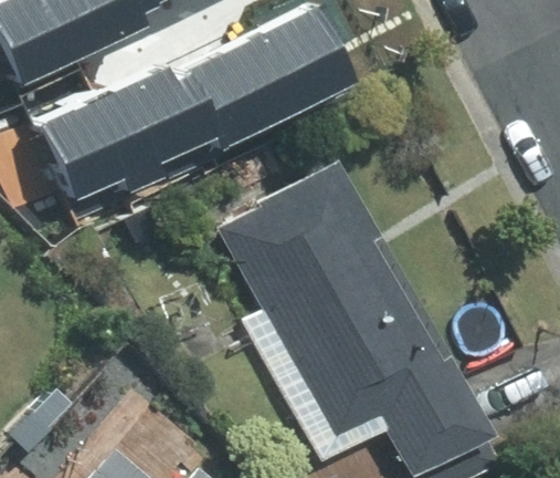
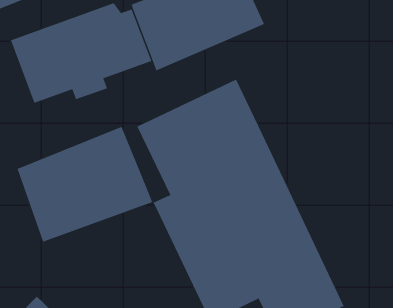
building: none -> [17,126,153,243]

